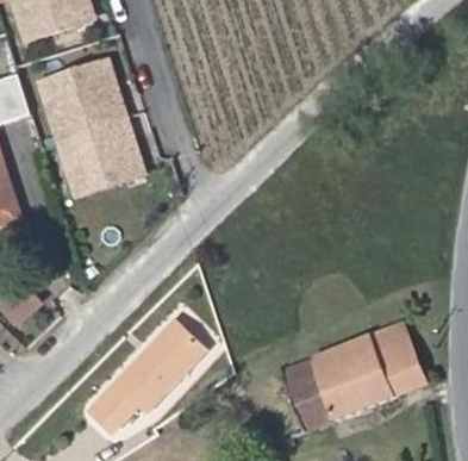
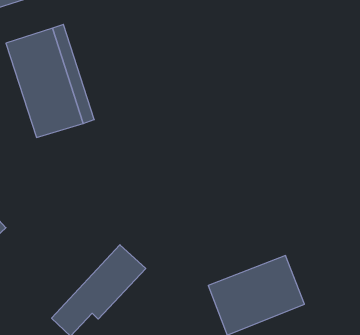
building: [374,324,426,394] -> none

